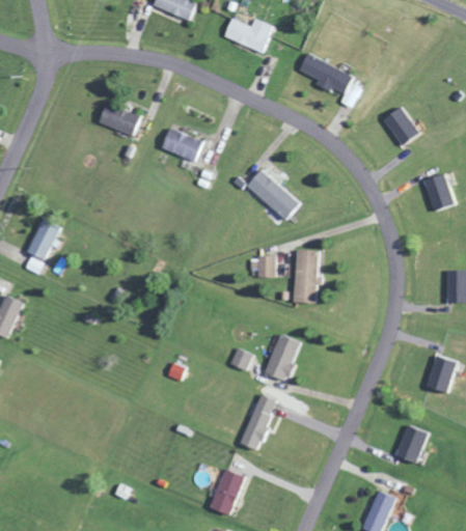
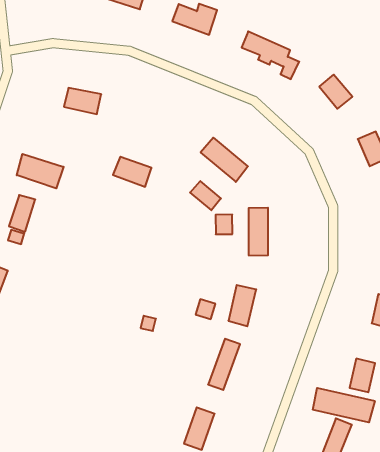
building: [159,127,202,162] -> [113,157,152,187]
building: none -> [17,154,64,188]
building: none -> [190,181,221,210]
building: none -> [313,388,375,422]

